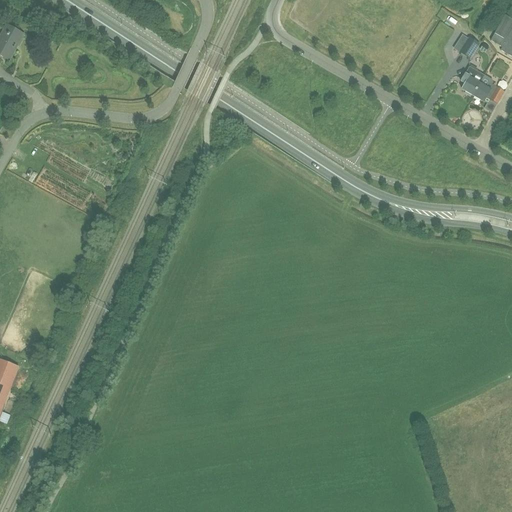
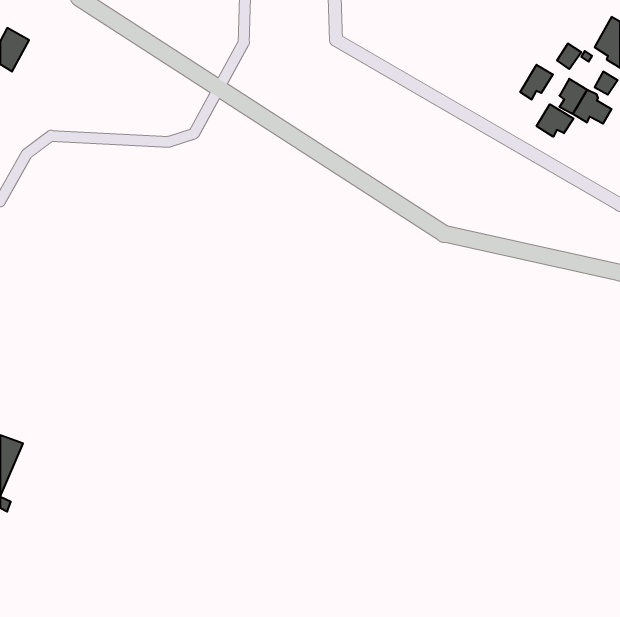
building: none -> [520,65,553,100]
building: none -> [537,104,573,137]

